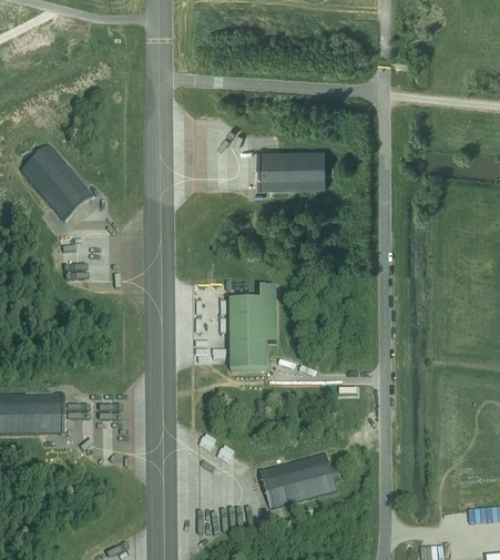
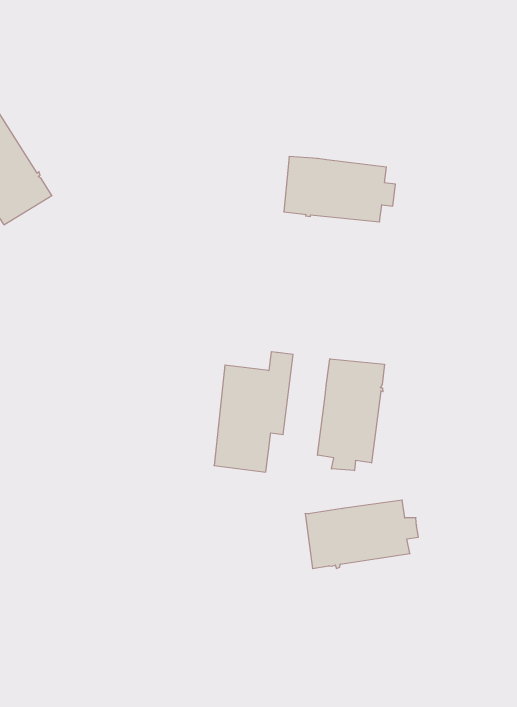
building: none -> [318,359,384,471]
building: [259,454,340,509] -> [305,500,418,569]

